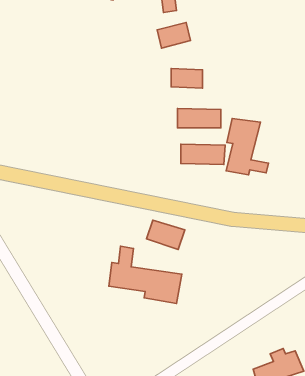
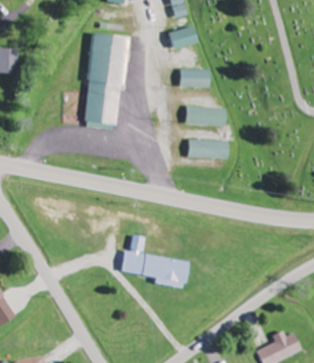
building: none -> [84,32,128,126]
building: [226,118,268,175] -> none
building: [147,220,185,250] -> none

